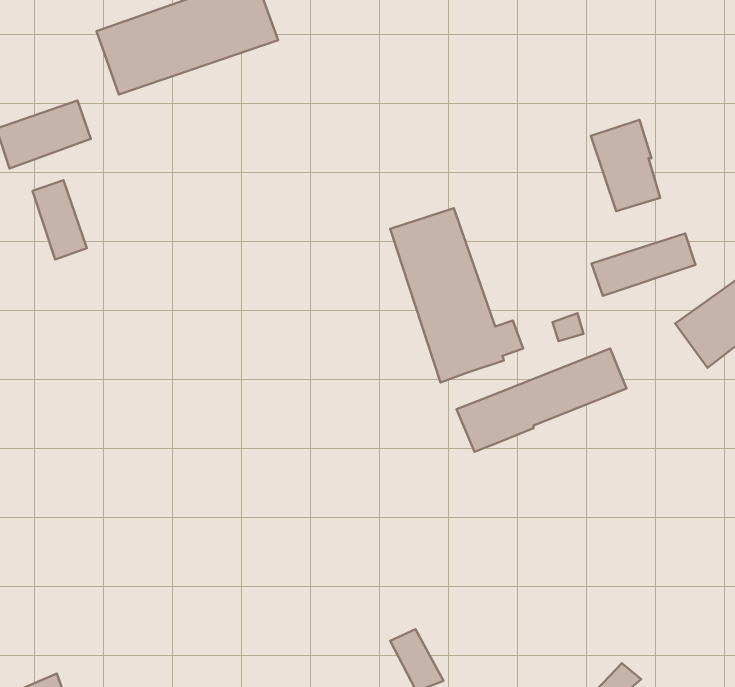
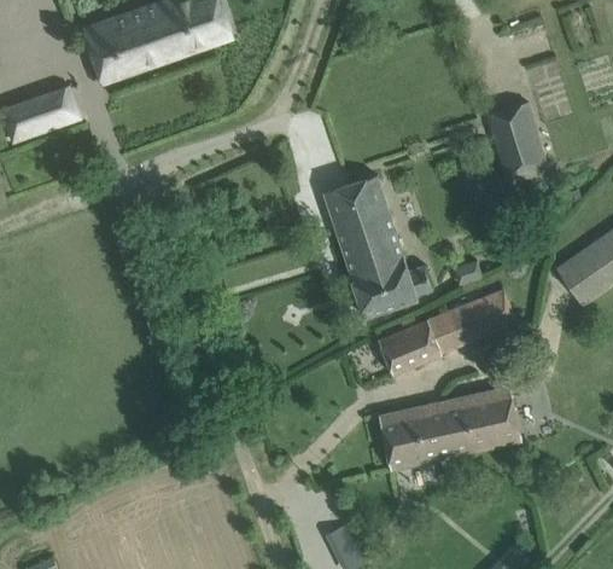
building: [33,180,87,260] -> none
building: [591,234,696,296] -> none
building: none -> [378,387,521,470]

